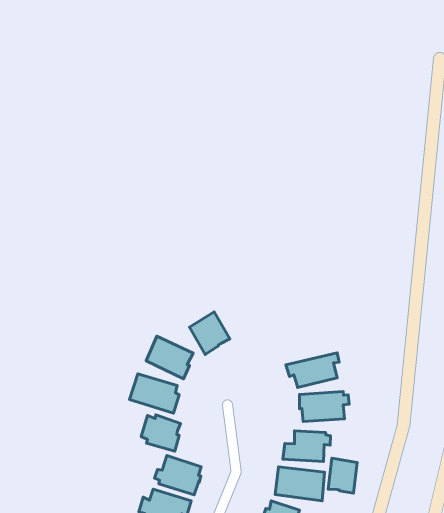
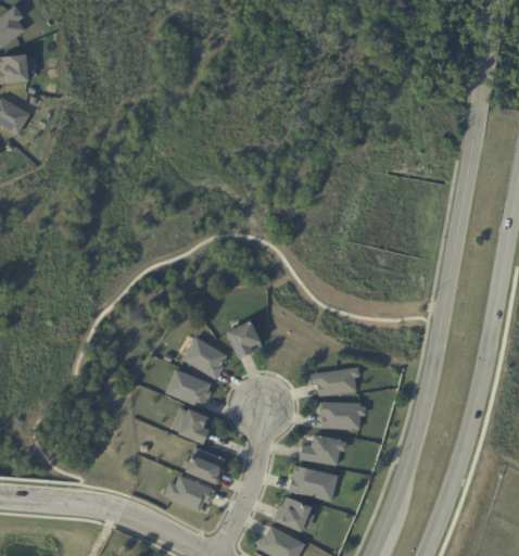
building: [328,458,357,493] -> none

